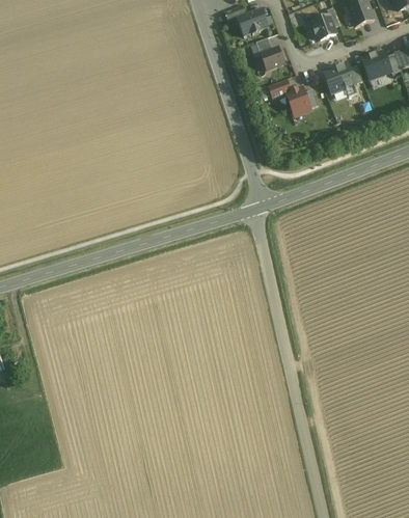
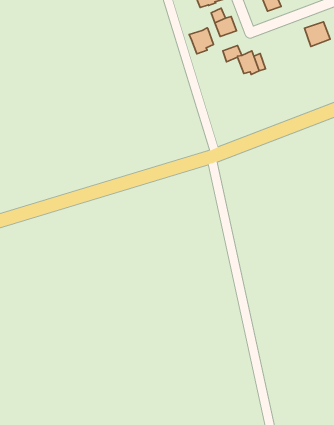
building: none -> [189,28,214,54]
building: [323,65,354,94] -> none

